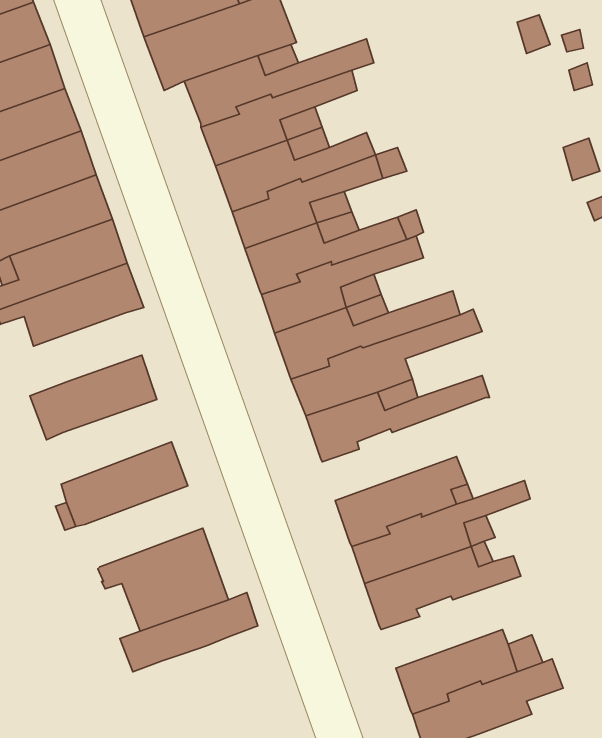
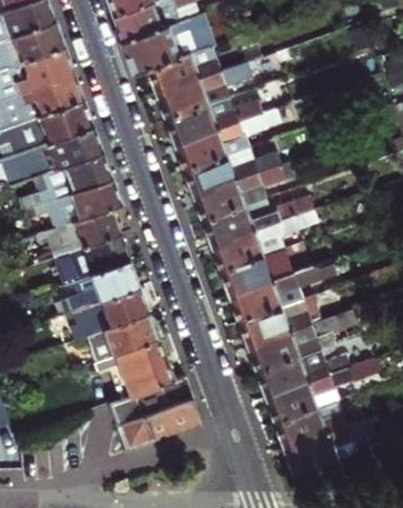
building: none -> [46,209,122,258]
building: none -> [231,260,335,322]
building: none -> [61,261,140,314]
building: none -> [88,313,159,362]
building: none -> [266,357,382,423]
building: none -> [117,397,202,451]

